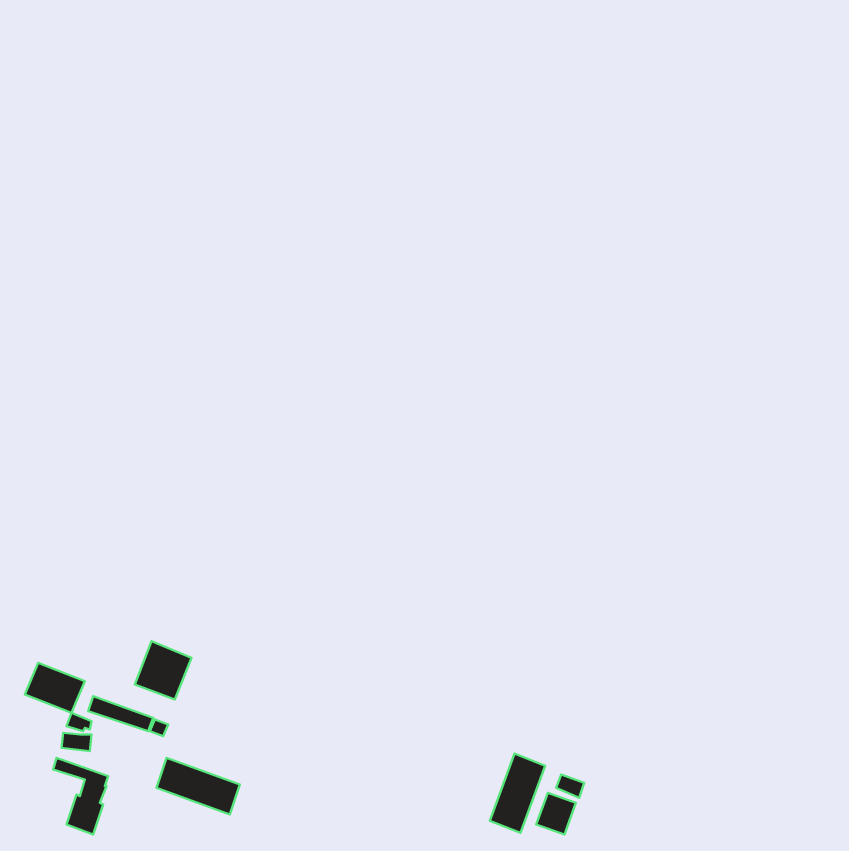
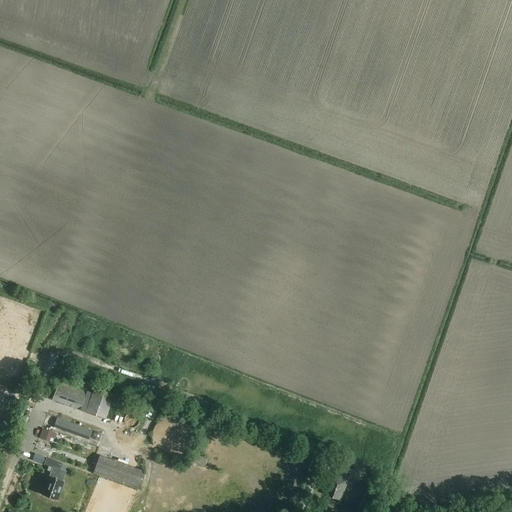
building: [25,663,85,713] -> [52,381,88,411]
building: [490,754,545,833] -> none

